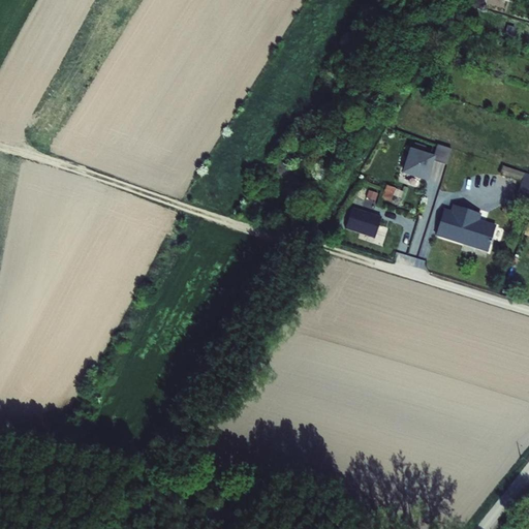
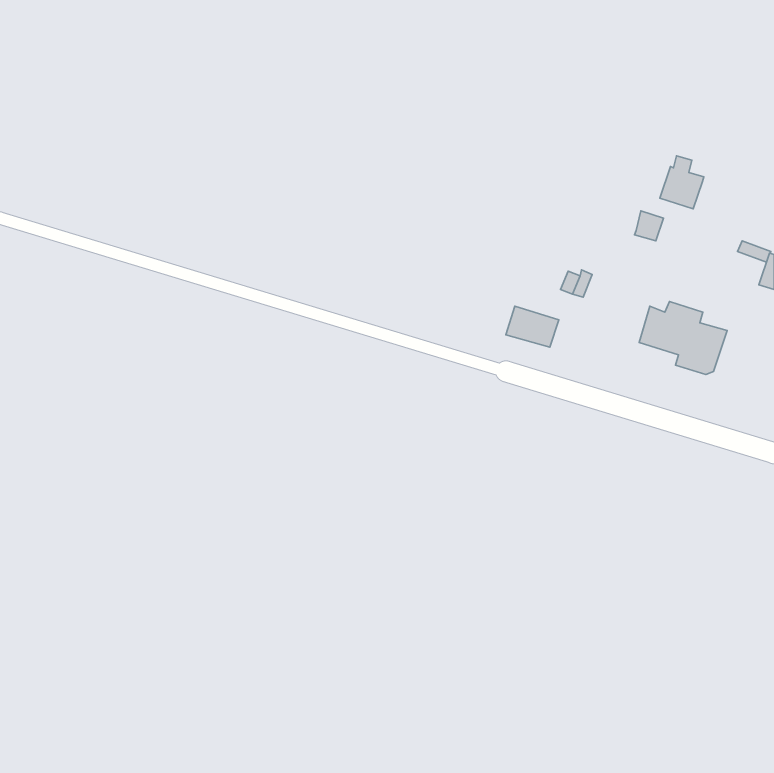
building: [404,143,434,179] -> [660,156,704,209]

